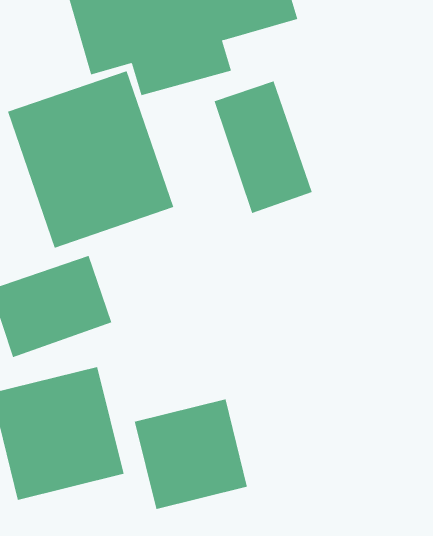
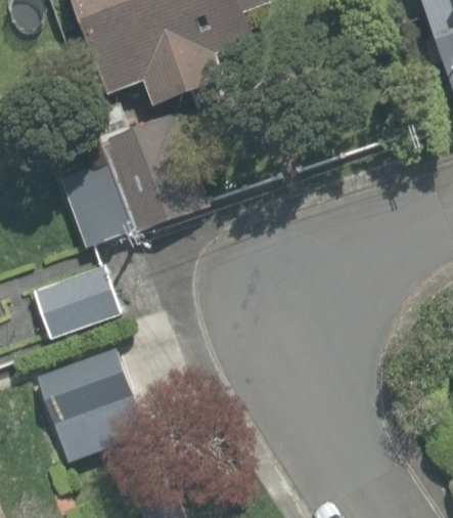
building: [214,80,312,214] -> none
building: [134,399,248,510] -> none

